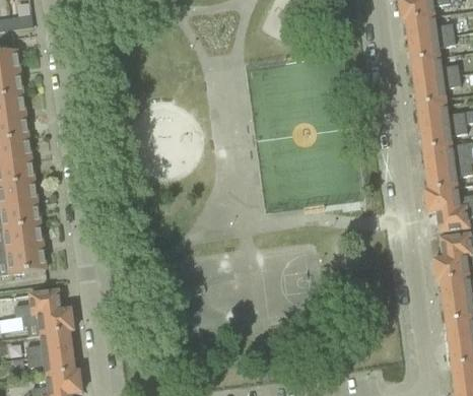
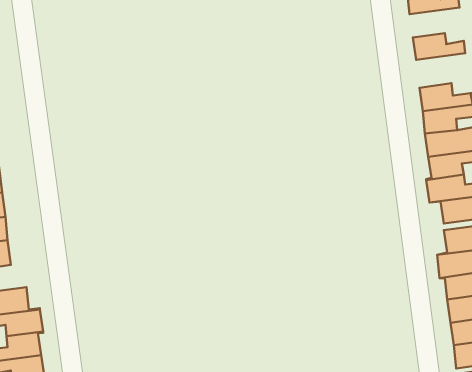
building: [407,34,455,61] -> none
building: [413,75,460,102] -> none

